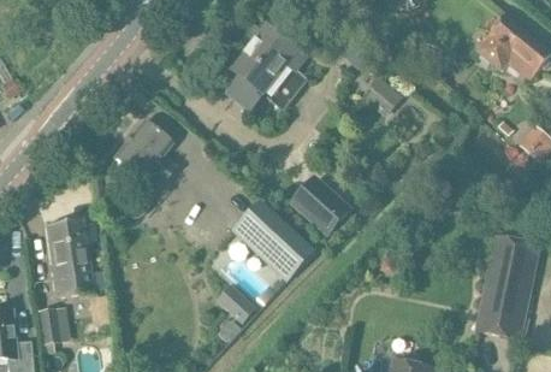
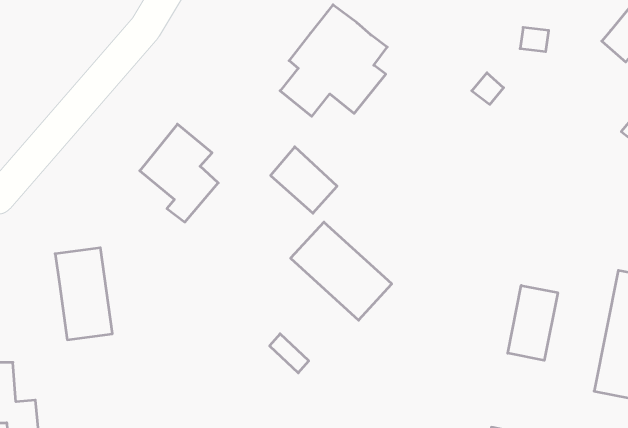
building: [297,181,350,234] -> [271,147,337,213]
building: none -> [508,285,558,360]
building: [37,307,70,346] -> none

